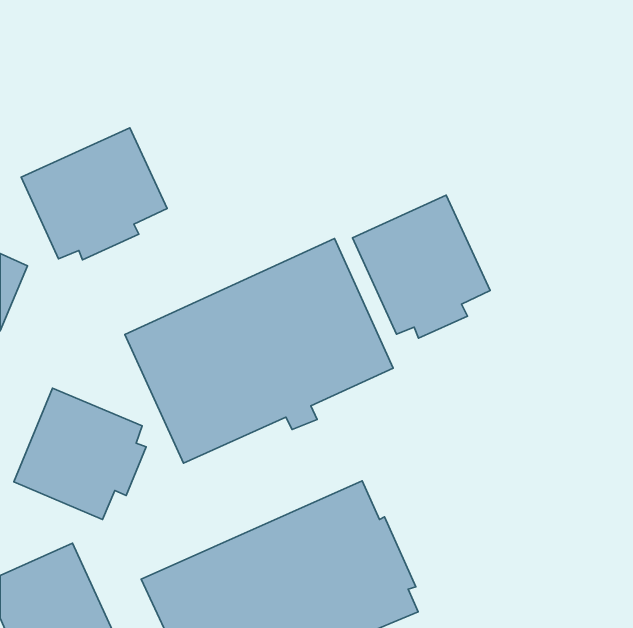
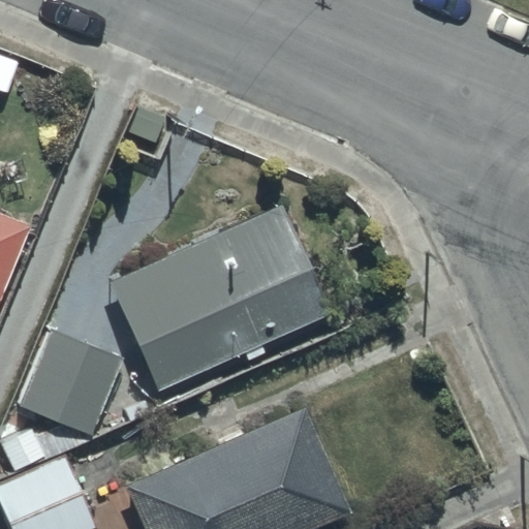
building: [21,128,167,260] -> none
building: [352,195,490,338] -> none

